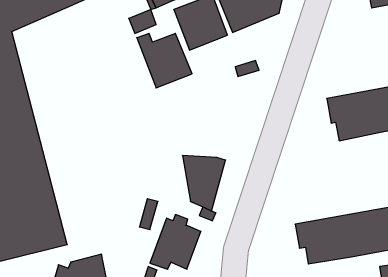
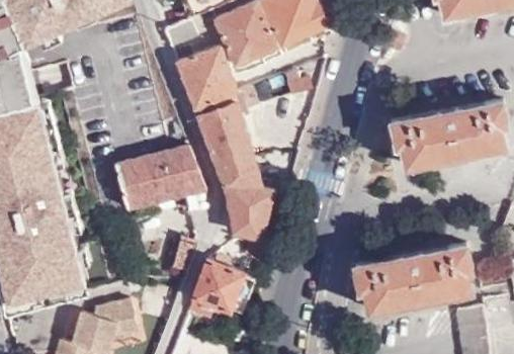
building: none -> [193,89,274,193]
building: none -> [117,147,205,209]

